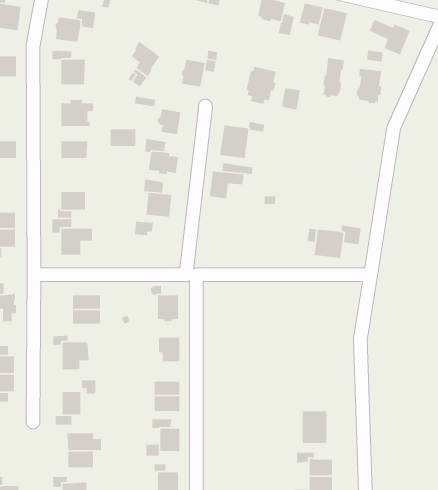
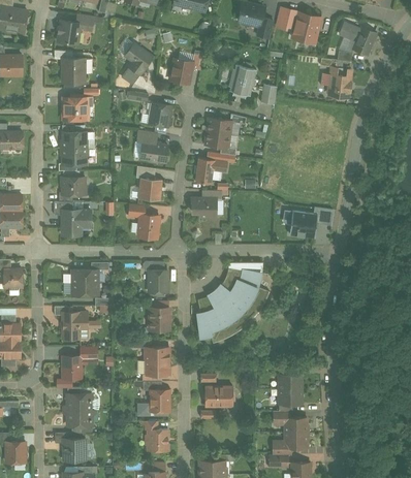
building: [322,57,345,98] -> none
building: [110,128,136,147] -> [62,148,86,164]
building: none -> [191,197,216,217]
building: none -> [138,214,159,238]
building: none -> [197,267,270,343]
building: none -> [206,385,232,406]

